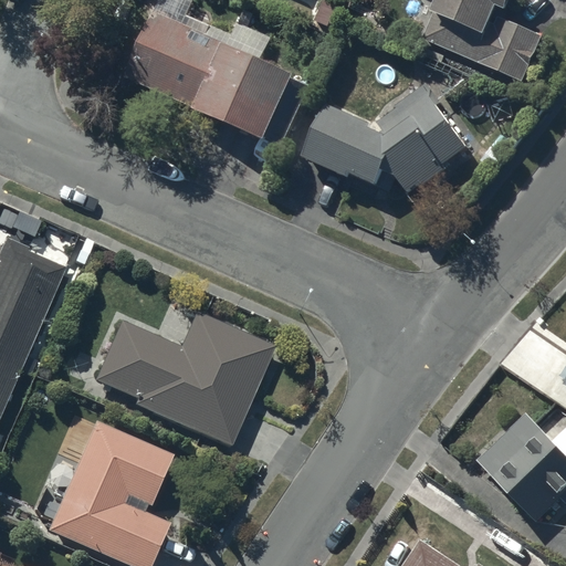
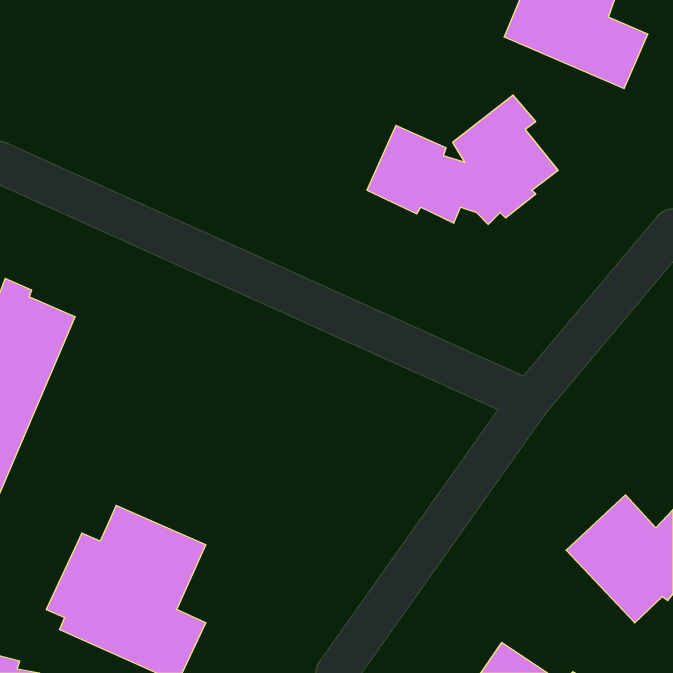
building: [126,4,295,139] -> none
building: [93,314,272,447] -> none

